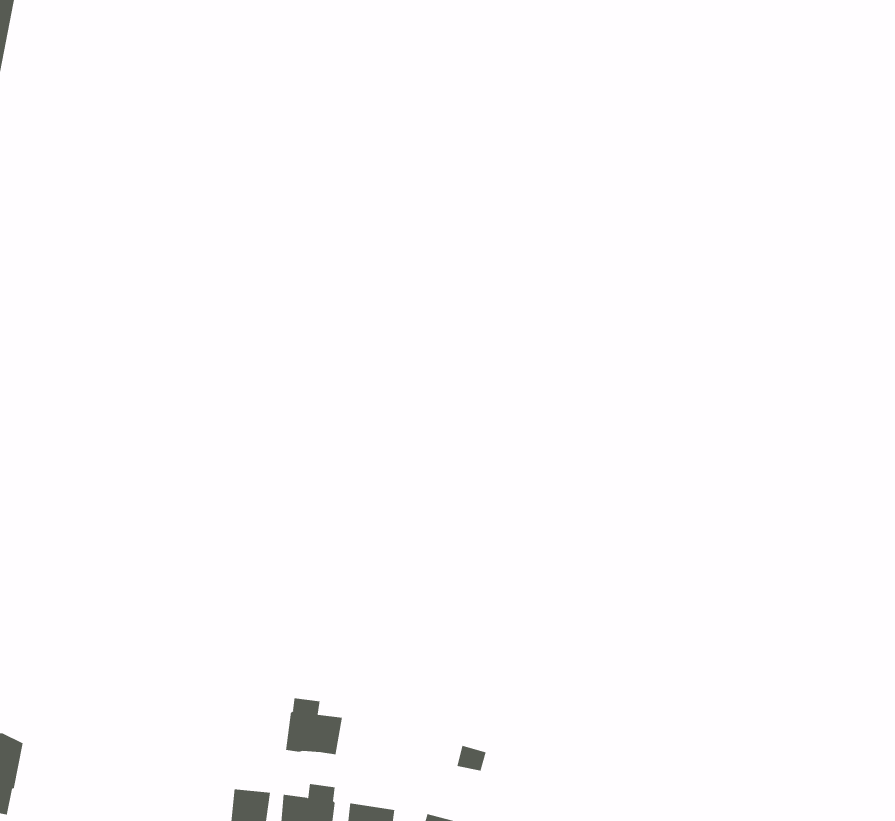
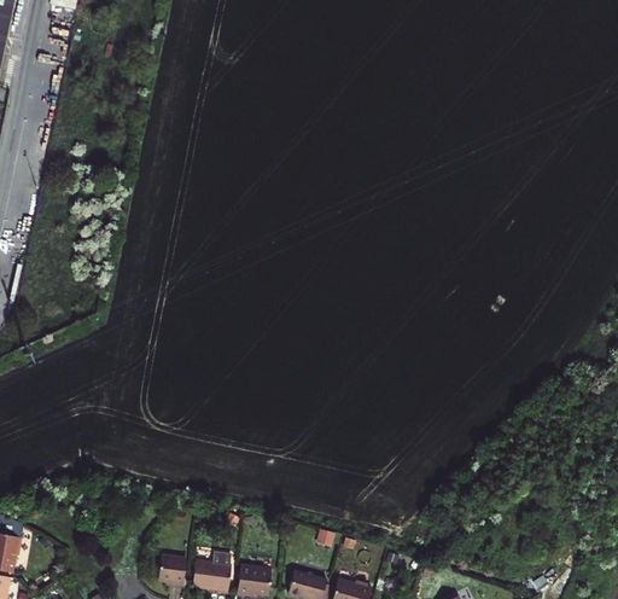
building: [285,698,342,755] -> none

